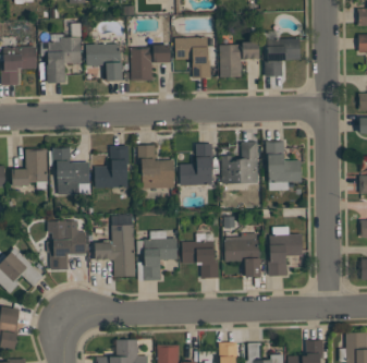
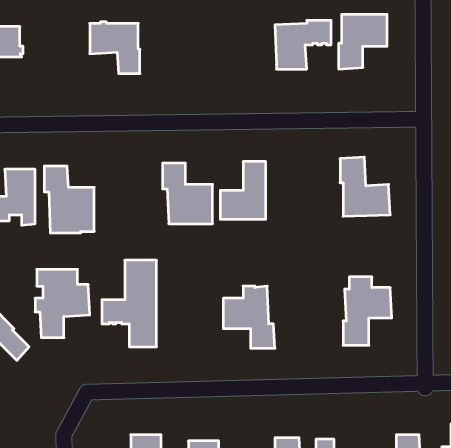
building: [40,37,81,83] -> none
building: [175,37,210,78] -> none
building: [131,46,170,81] -> none
building: [221,142,257,184] -> none
building: [95,146,129,189] -> none
building: [136,231,176,281] -> none
building: [224,233,260,277] -> none

